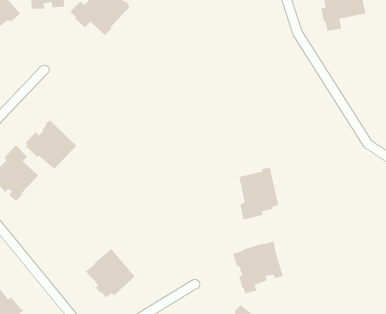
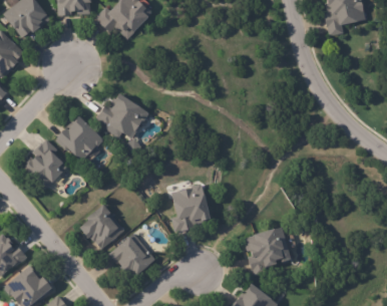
building: none -> [96,93,147,138]
building: [238,167,279,221] -> [172,184,210,233]
building: none -> [78,204,124,250]

